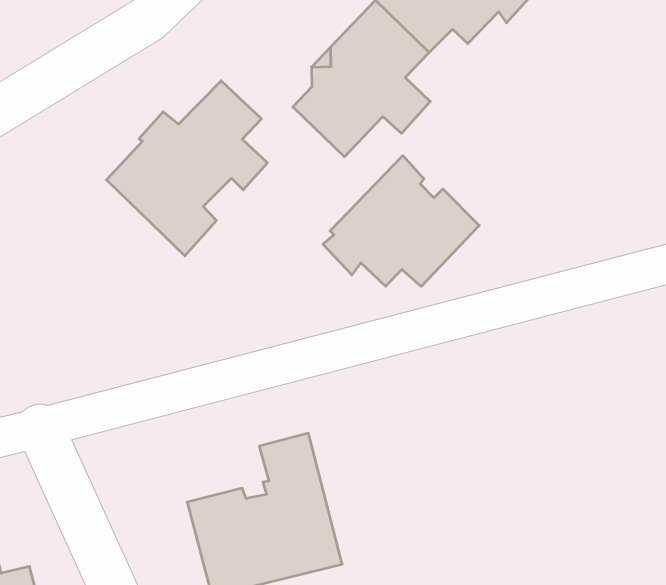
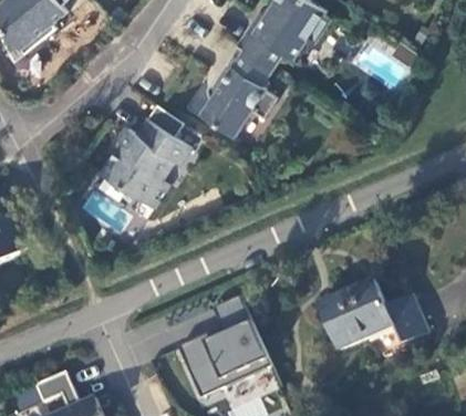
building: [323,156,479,286] -> none
building: none -> [321,277,429,354]

